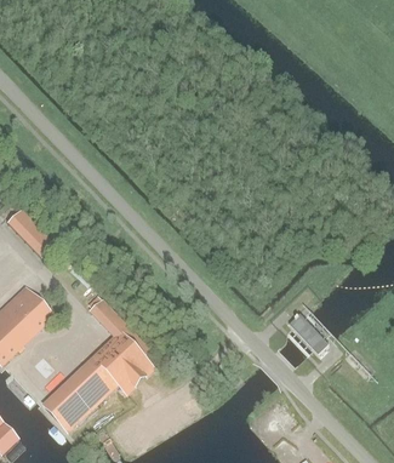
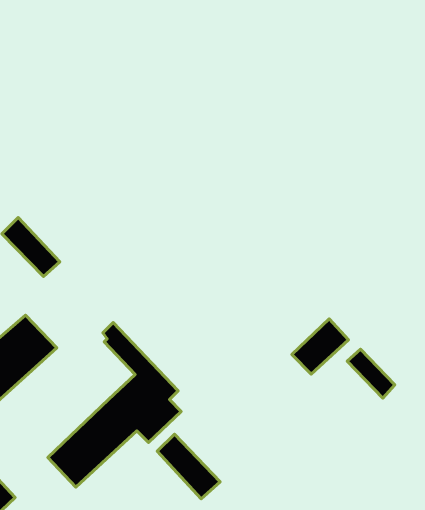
building: none -> [292,319,349,374]
building: none -> [157,434,220,499]

